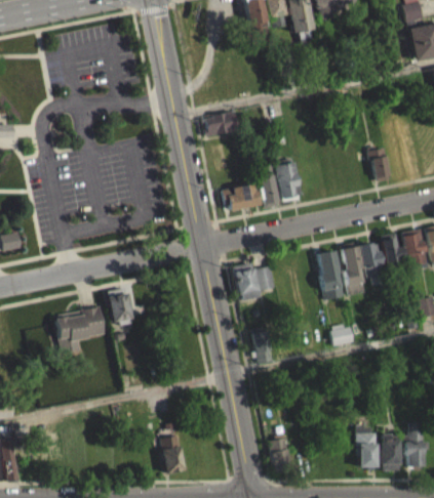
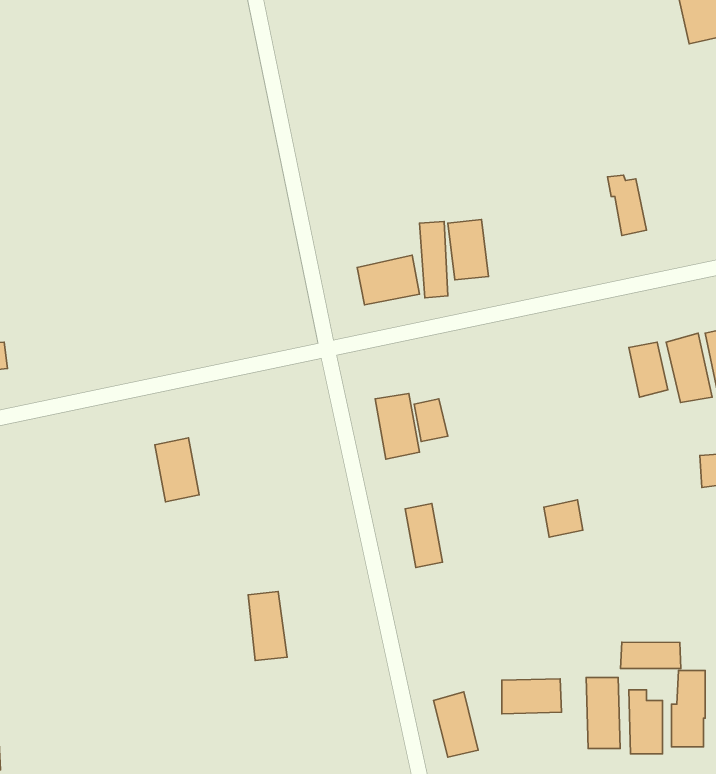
building: [205,112,238,135] -> none
building: [342,243,385,294] -> none
building: [317,250,345,300] -> none
building: [55,307,105,354] -> none
building: none -> [621,642,681,669]
building: none -> [502,679,562,714]
building: [161,433,184,473] -> [248,591,287,661]

